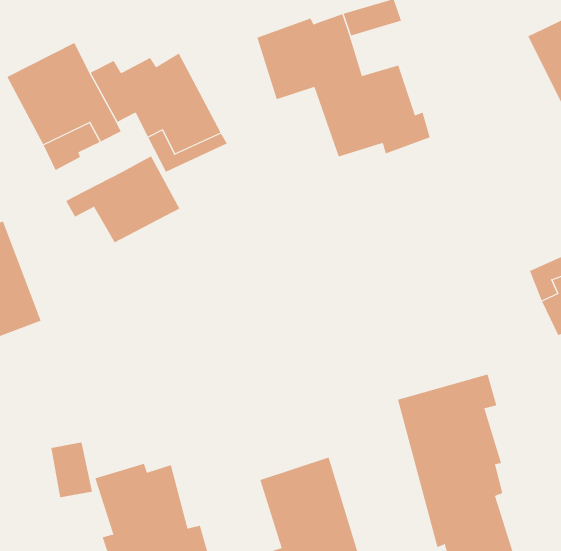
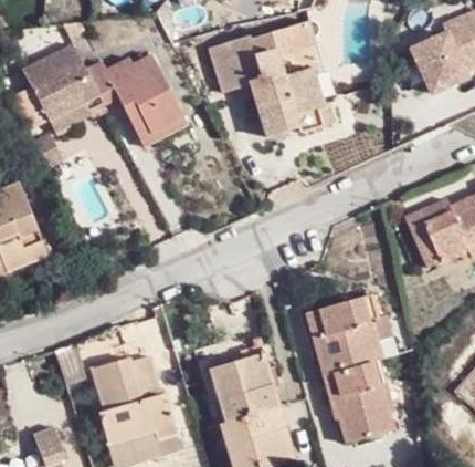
building: [65,156,180,243] -> none

